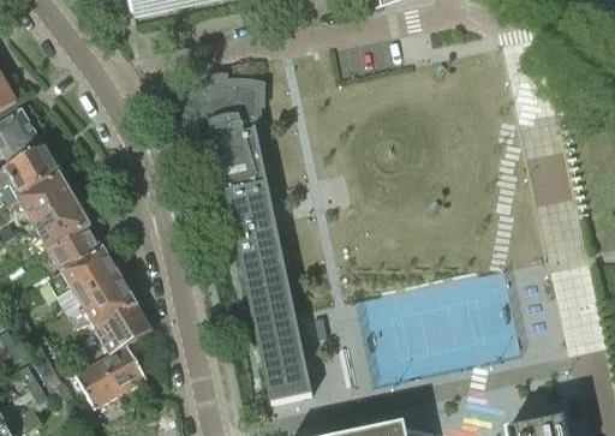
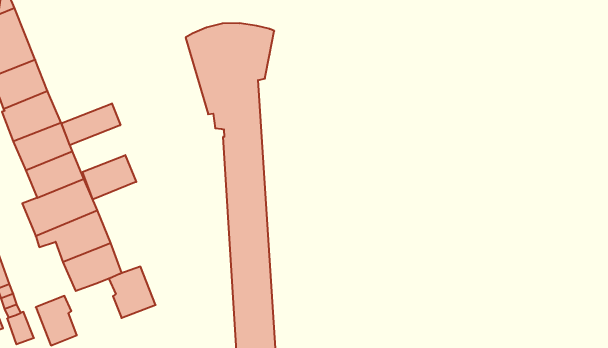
building: none -> [62,103,120,145]
building: none -> [83,155,136,200]
building: [101,344,148,394] -> [109,267,156,318]

